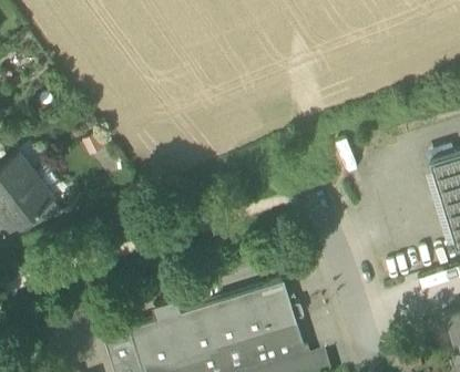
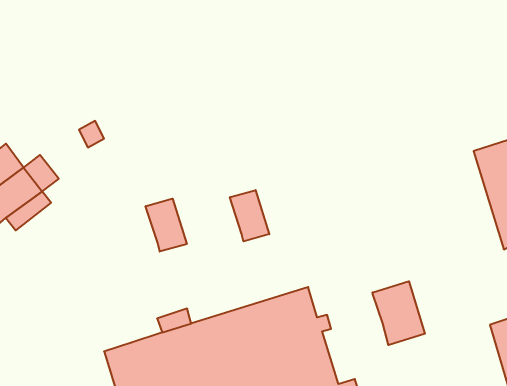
building: none -> [230,190,269,241]
building: none -> [146,199,187,252]
building: none -> [372,281,425,345]

